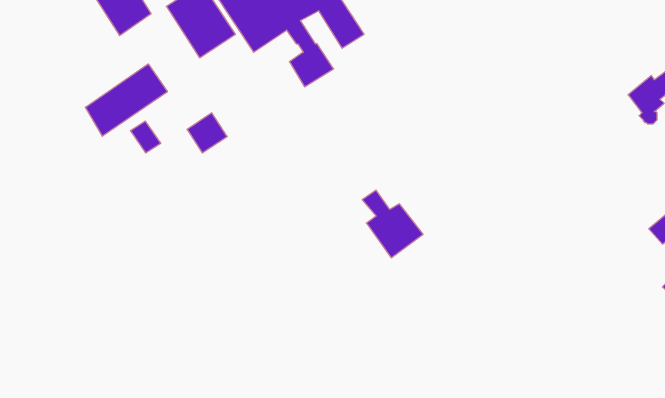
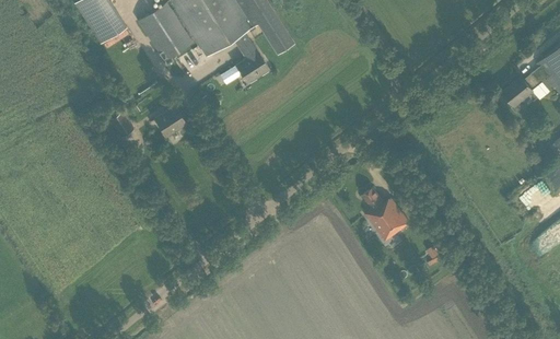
building: [85,64,167,136] -> none
building: [362,190,423,258] -> [363,188,411,242]

